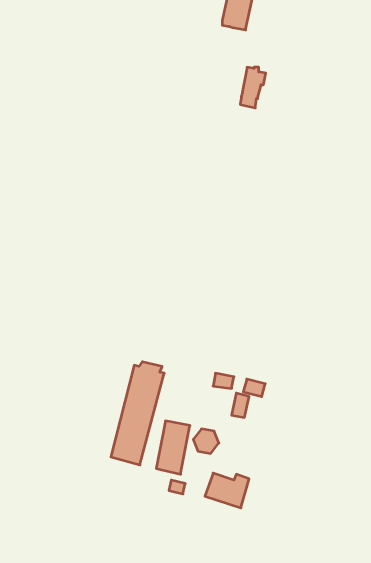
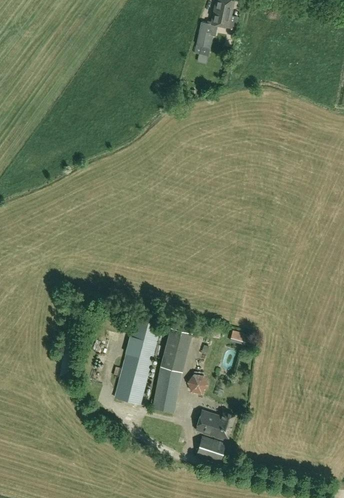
building: [240,67,266,108] -> [194,21,216,56]
building: none -> [161,327,189,370]
building: none -> [195,436,225,463]

